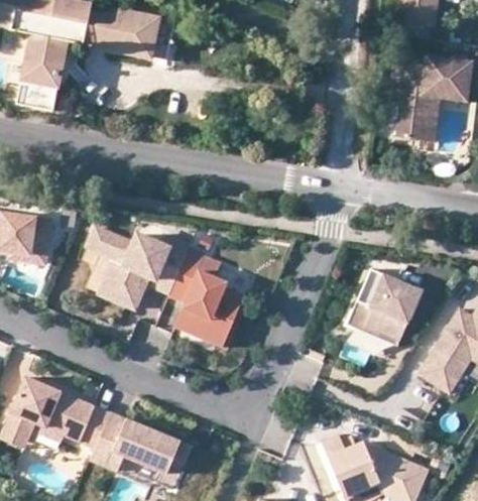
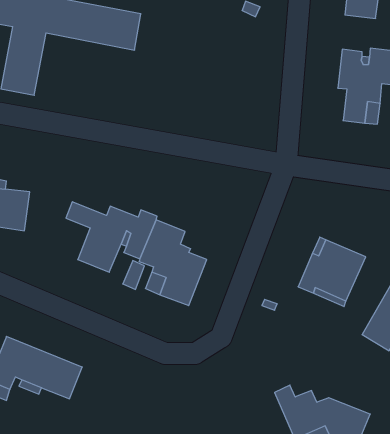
building: [88,413,189,473] -> none

